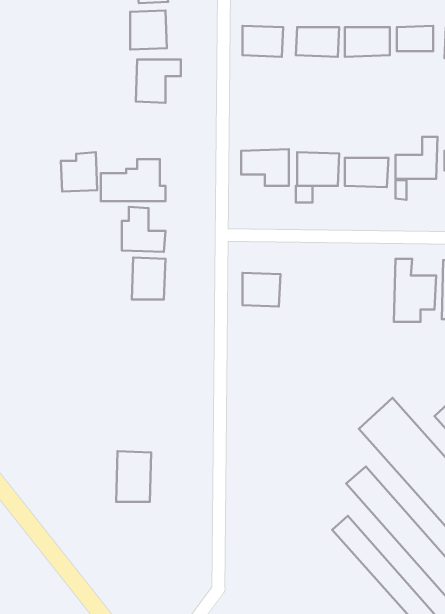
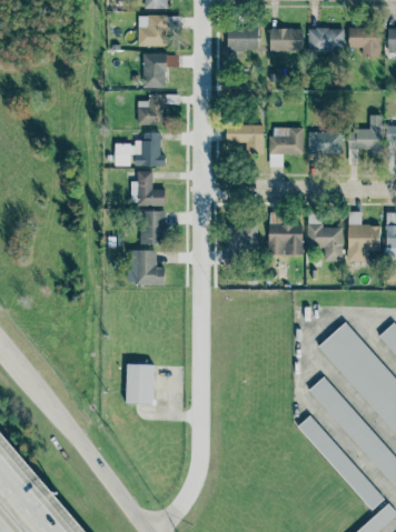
building: [61,152,97,192] -> [137,94,166,126]
building: none -> [307,213,343,262]
building: none -> [268,225,303,255]
building: none -> [127,251,165,285]

